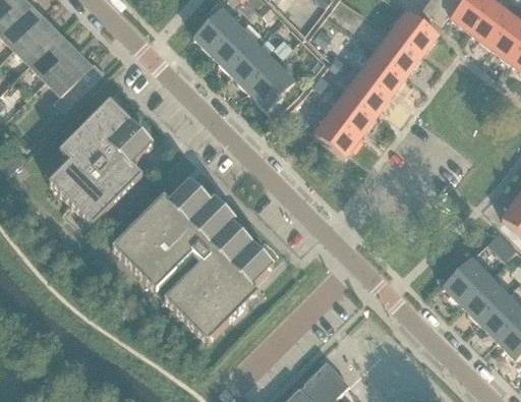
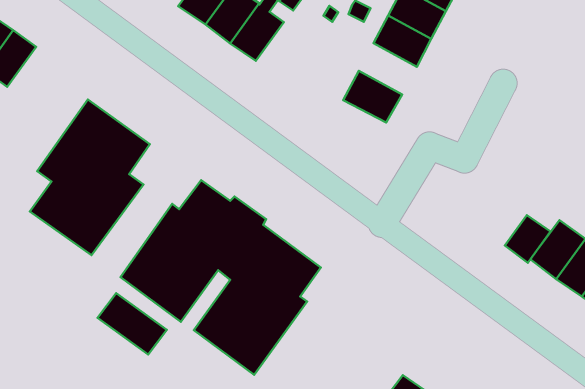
building: [46,50,91,110] -> none
building: [248,62,294,108] -> none
building: [330,91,377,135] -> none
building: none -> [505,215,550,263]
building: none -> [98,293,167,354]

